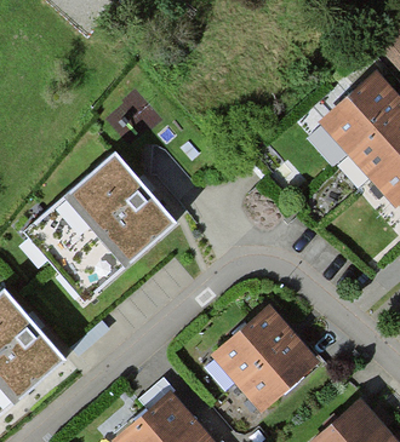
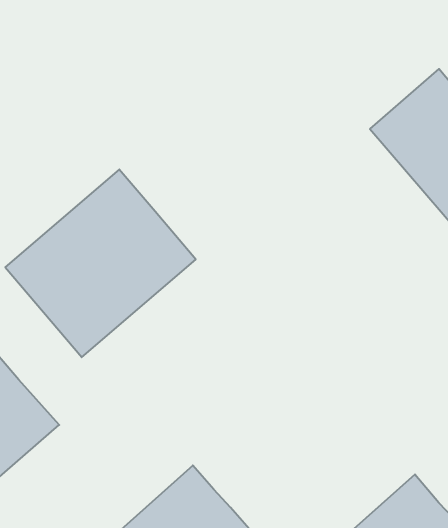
building: [217,312,322,418] -> none

